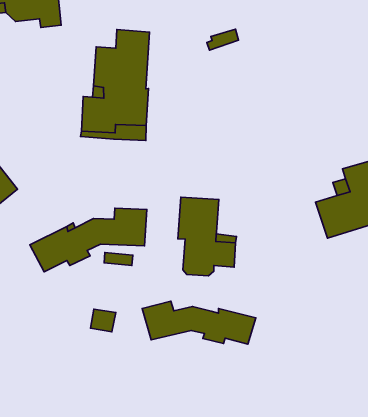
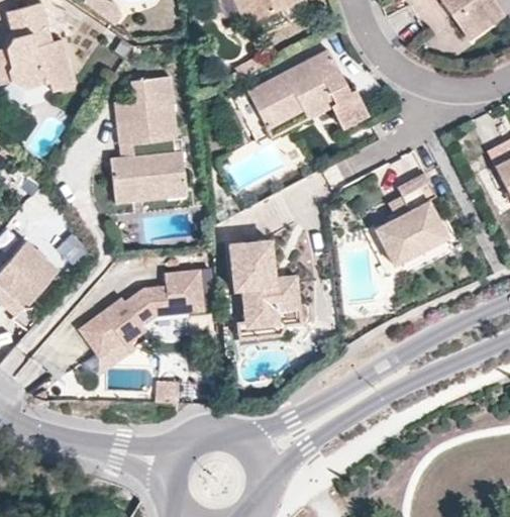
building: none -> [249,54,371,132]
building: [142,301,256,344] -> none

